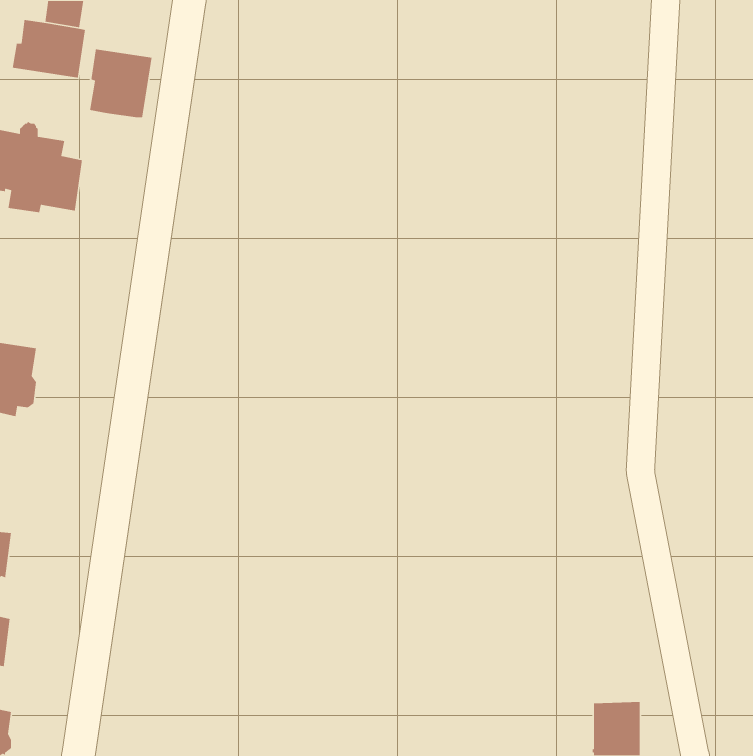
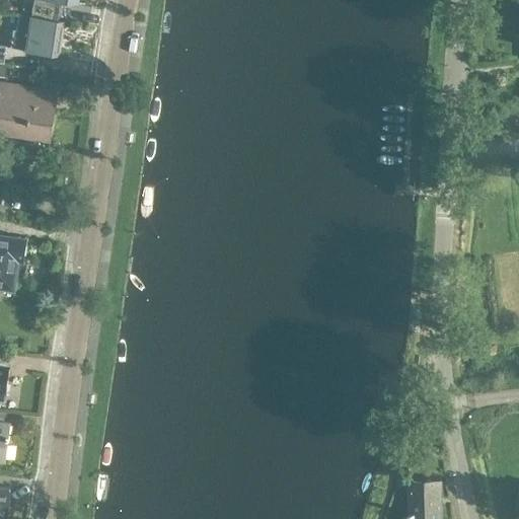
building: [89,48,153,118] -> none

